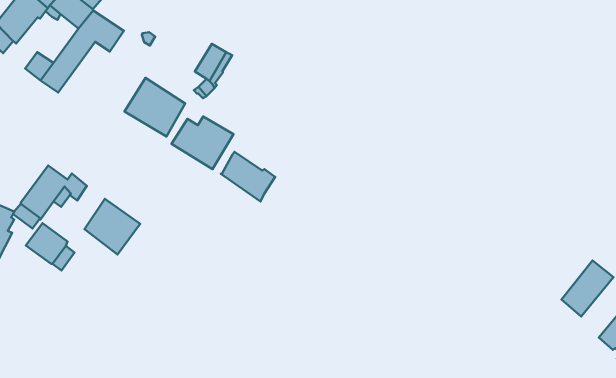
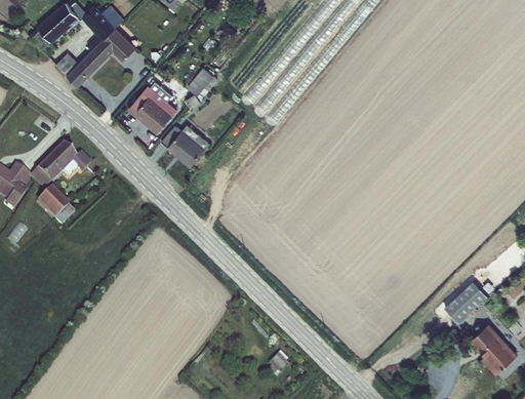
building: [221,152,275,202] -> none
building: [85,199,140,255] -> none

